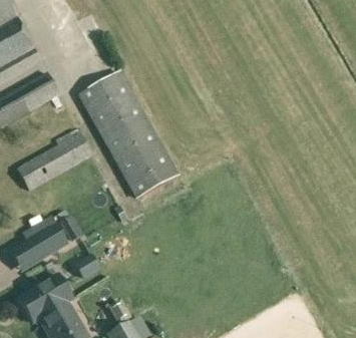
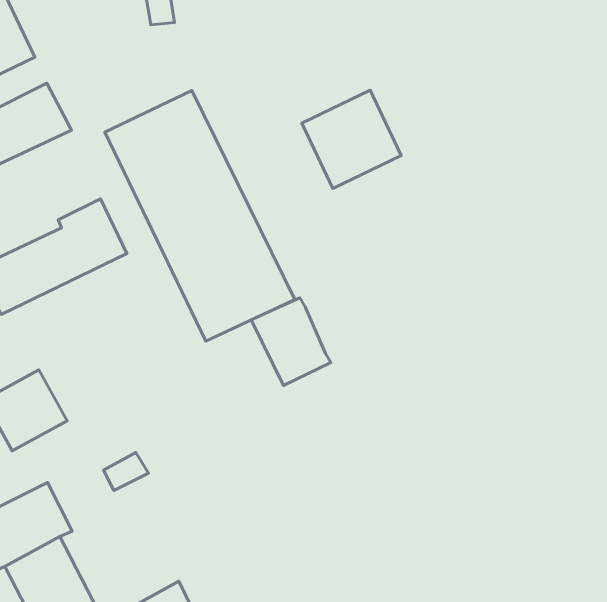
building: none -> [302,90,401,189]
building: none -> [251,298,331,385]

